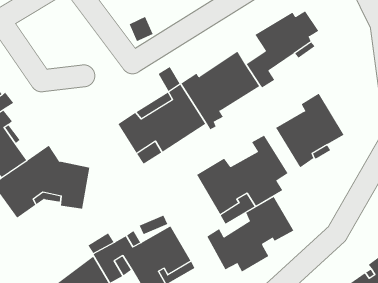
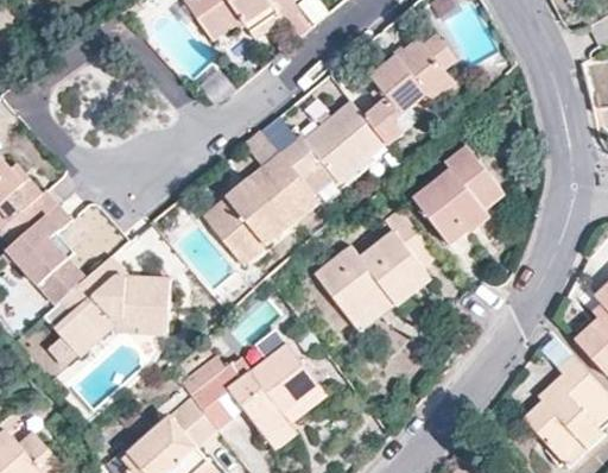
building: [206,196,294,272] -> none

